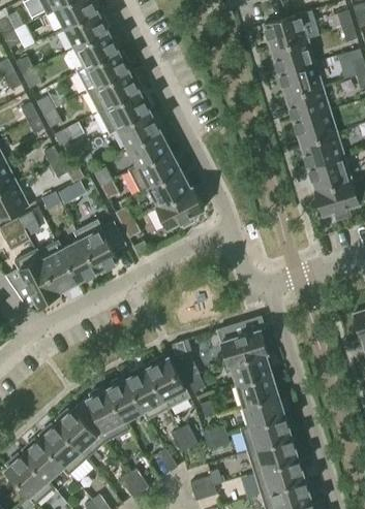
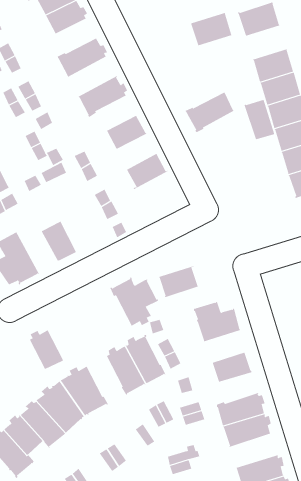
building: [74,31,119,67] -> none
building: [271,38,314,73] -> [191,12,233,46]
building: [88,70,140,112] -> none
building: [117,110,161,147] -> none
building: none -> [244,98,275,141]
building: [128,150,180,192] -> [184,92,235,133]
building: [156,188,204,228] -> none
building: [74,220,125,272] -> [110,277,159,327]
building: [35,241,78,294] -> none
building: [227,352,272,385] -> [156,266,199,298]
building: [108,378,144,420] -> [29,329,64,370]
building: [243,395,284,427] -> none
building: [254,458,305,494] -> none

